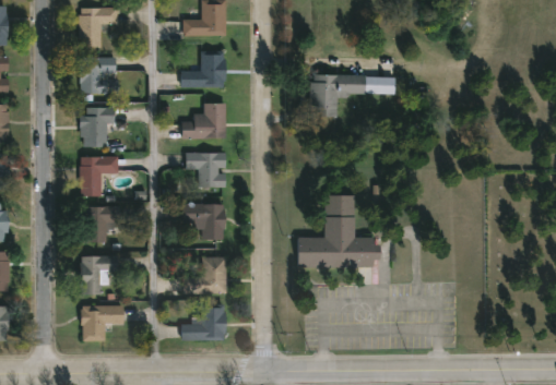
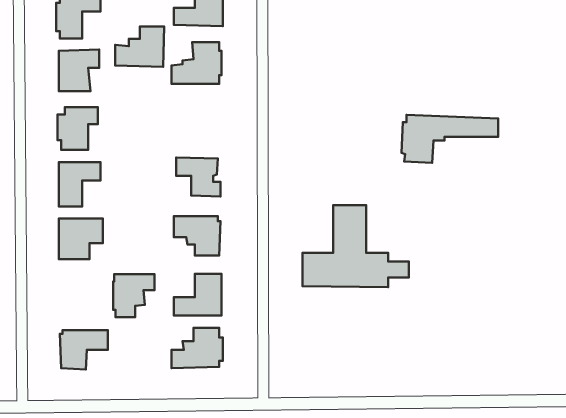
building: [310,74,397,117] -> [402,115,498,163]
building: [182,104,226,140] -> [115,26,164,67]
building: [81,256,118,294] -> [113,274,155,317]

